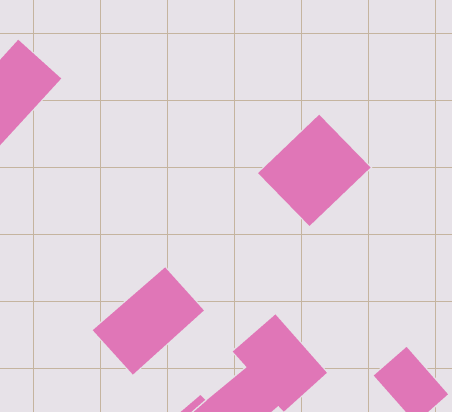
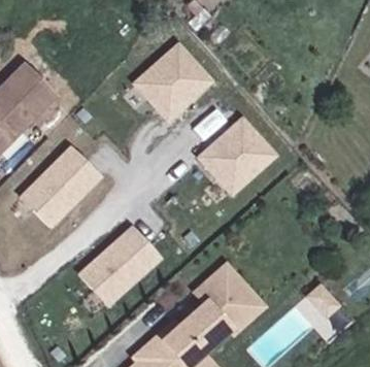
building: none -> [132,41,216,125]
building: none -> [19,144,103,229]

